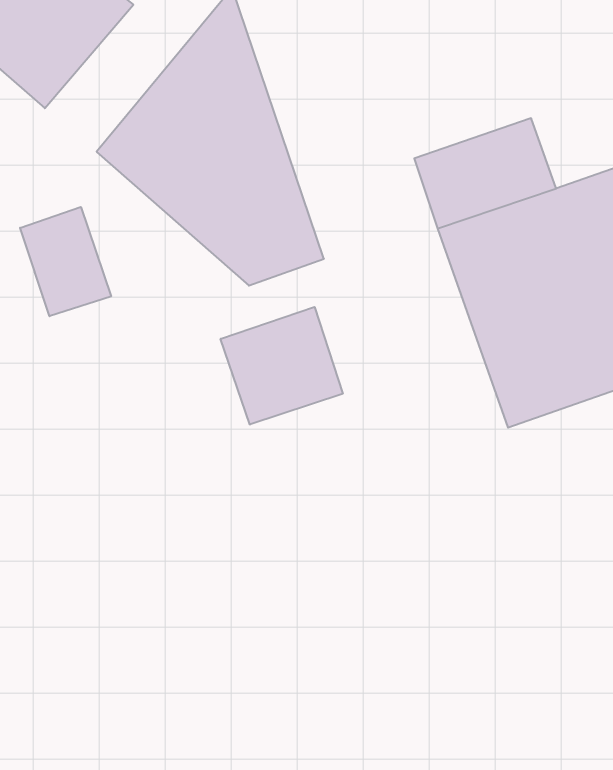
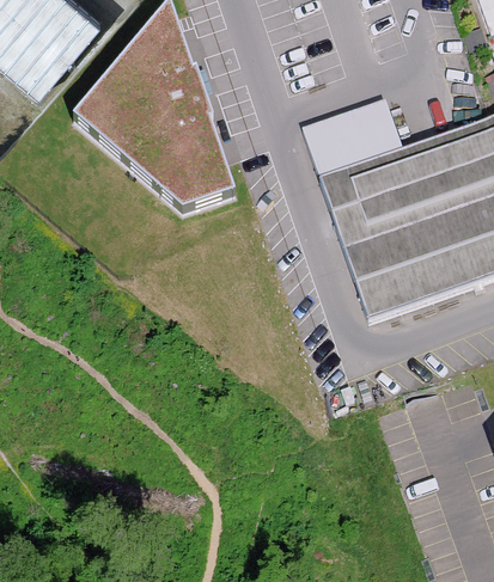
building: [20,207,111,316] -> none
building: [221,307,343,425] -> none

